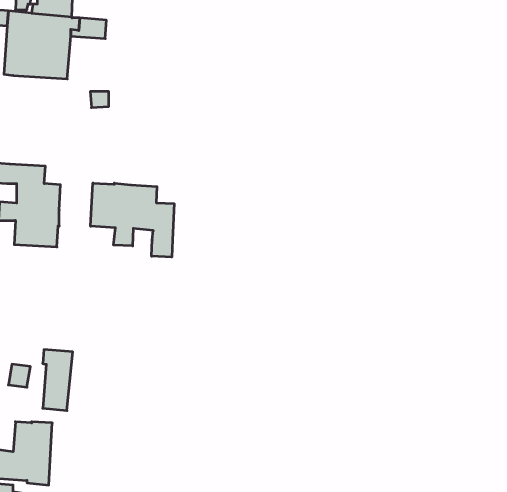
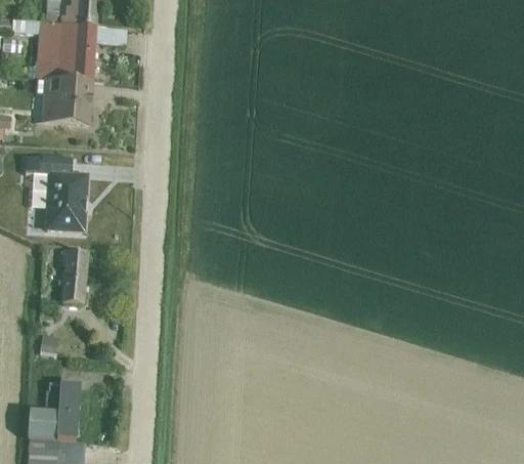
building: none -> [38,76,93,123]
building: [91,183,174,257] -> none
building: [43,350,73,411] -> [62,249,89,303]

